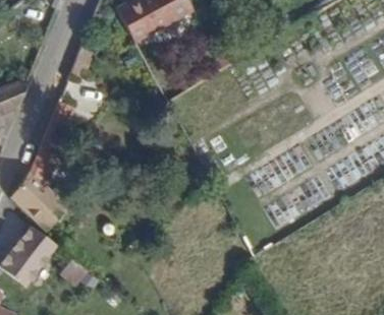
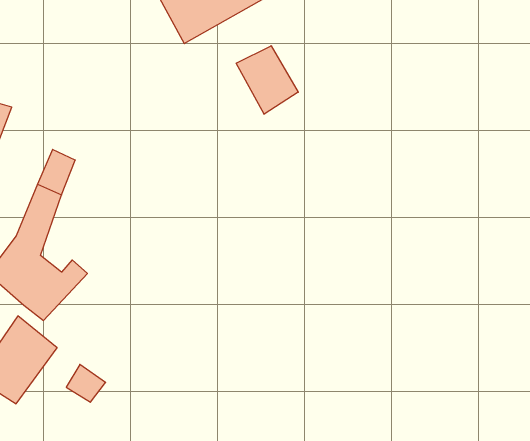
building: none -> [236,46,298,114]

